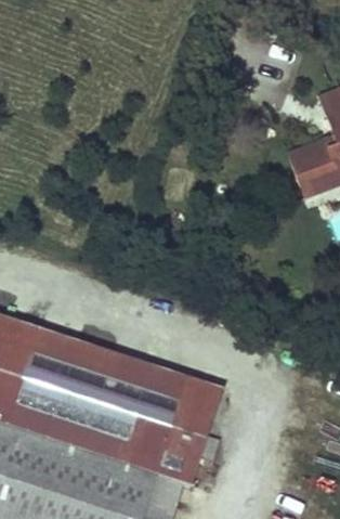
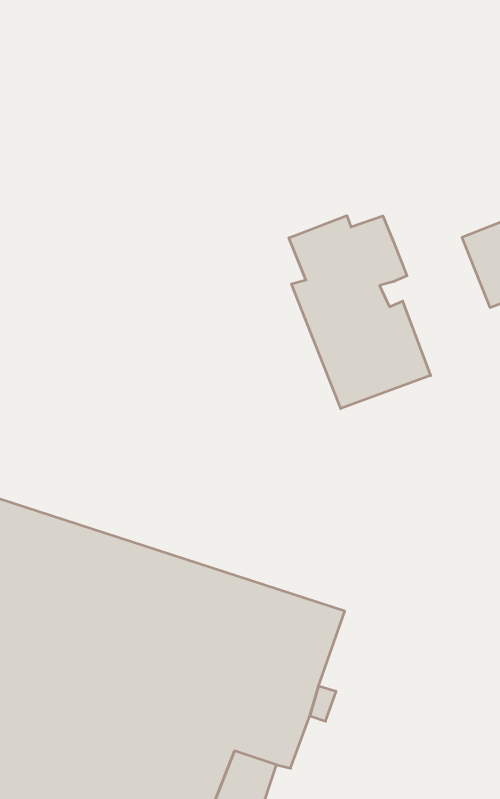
building: none -> [289,216,431,409]

